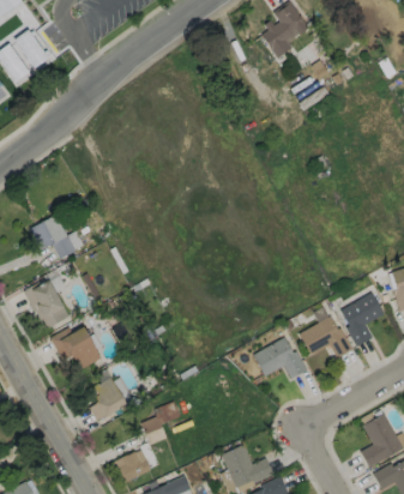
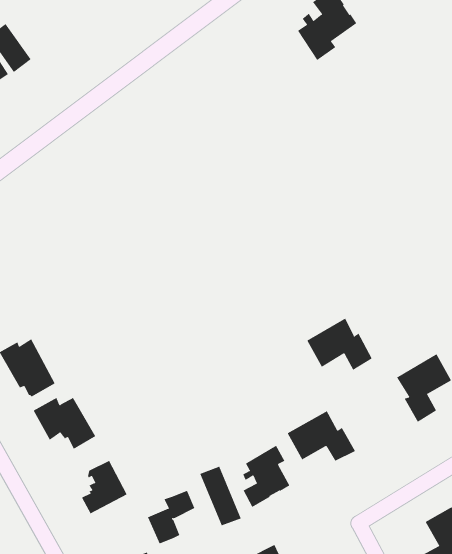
building: [30,213,76,258] -> none
building: [300,315,352,357] -> [306,318,372,370]
building: none -> [243,445,290,508]
building: none -> [199,466,242,526]

